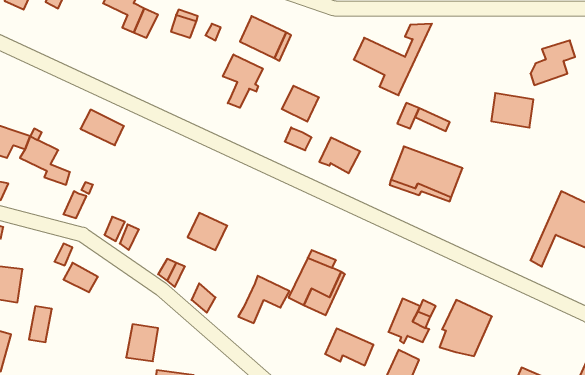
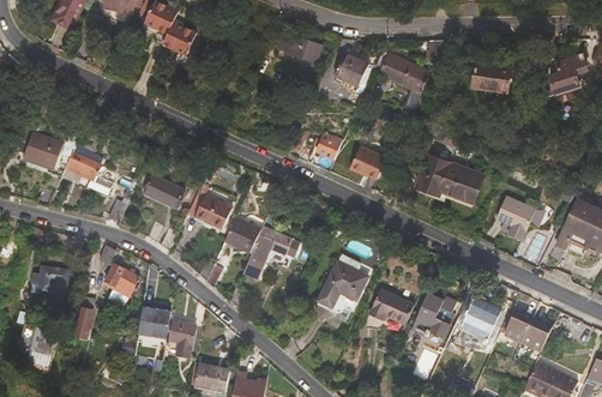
building: [223,54,263,108] -> none
building: [282,86,319,122] -> [335,50,369,84]
building: [491,93,533,128] -> [474,61,513,94]
building: [80,110,124,145] -> [144,170,185,204]
building: none -> [187,186,230,228]
building: none -> [496,196,535,239]
building: [238,276,289,323] -> [245,222,293,266]
building: none -> [139,306,170,338]
building: none -> [505,309,550,350]
building: [325,328,374,365] -> [367,290,413,325]

